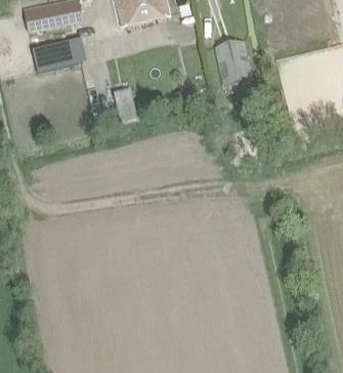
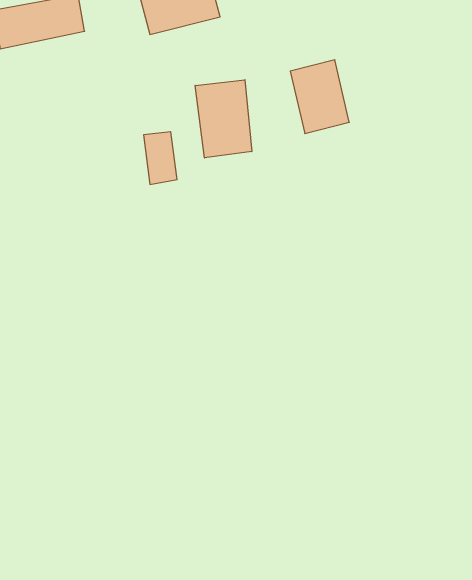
building: [32,39,78,72] -> none
building: none -> [195,80,252,158]

